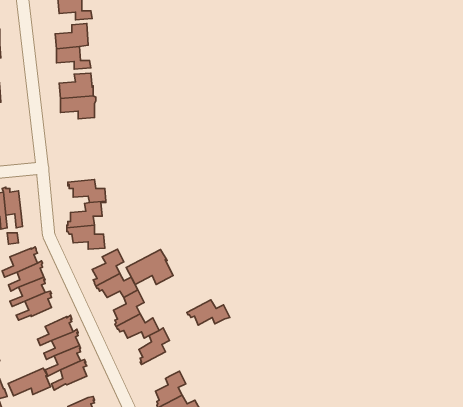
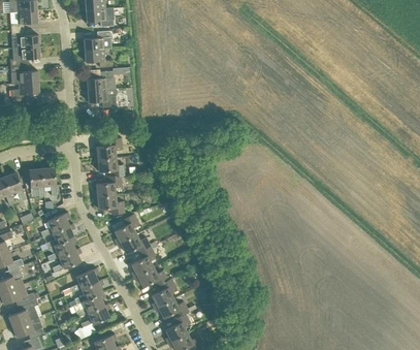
building: none -> [93,137,122,159]
building: [126,249,173,285] -> none
building: [187,300,230,325] -> [154,297,189,318]
building: [8,368,51,396] -> none

